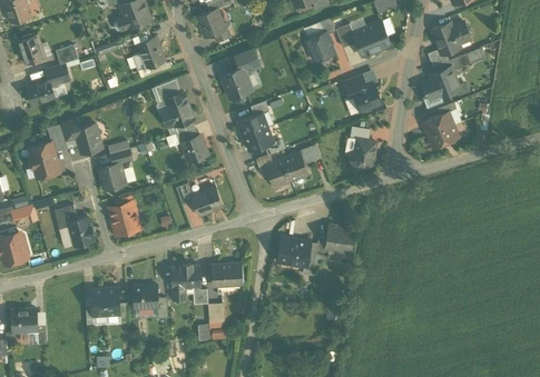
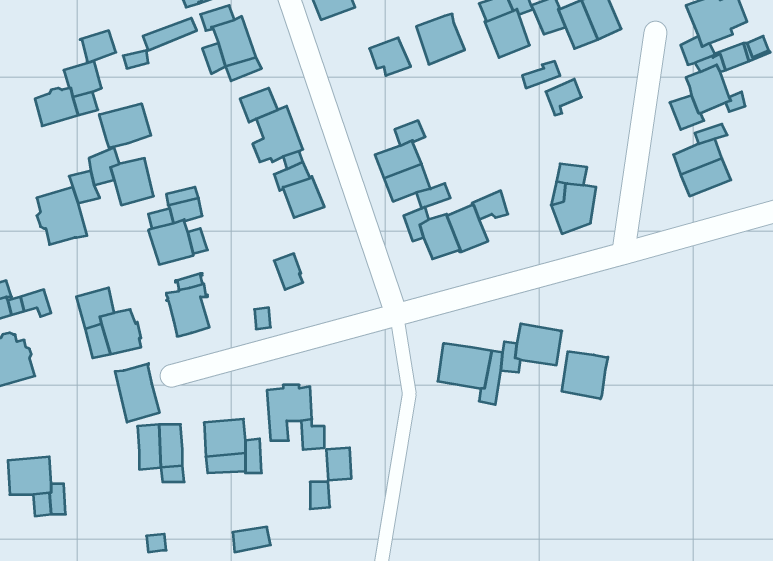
building: [18,33,45,63] -> none
building: [222,67,252,98] -> [416,14,465,64]
building: [353,83,382,111] -> none
building: none -> [99,104,151,148]
building: [192,186,222,215] -> none
building: none -> [562,352,608,399]
building: none -> [115,363,159,422]
building: [213,262,240,287] -> none

